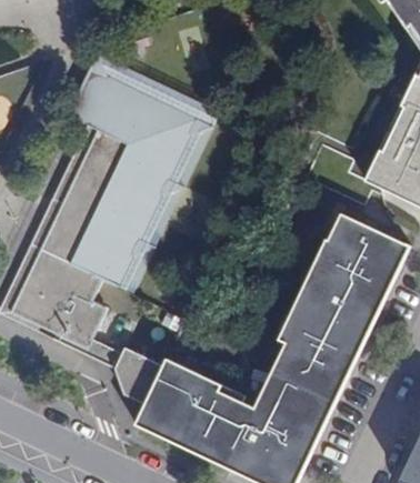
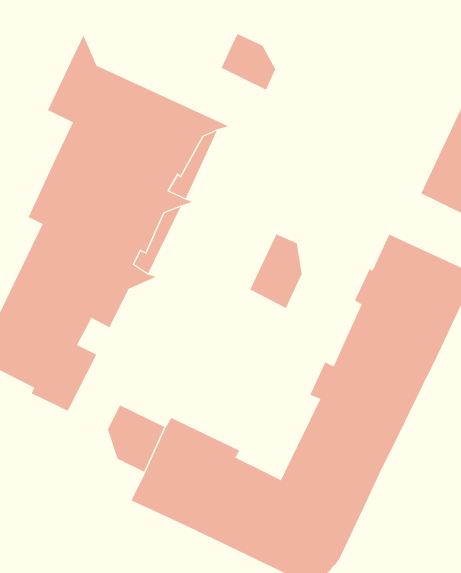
building: none -> [221,33,276,91]
building: none -> [250,233,302,309]

